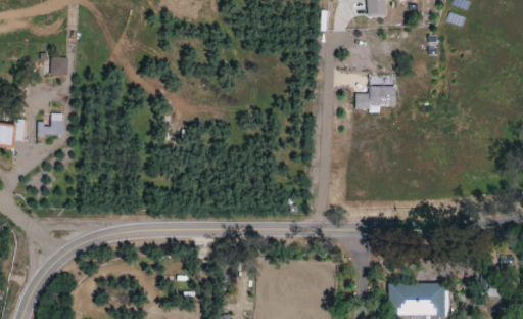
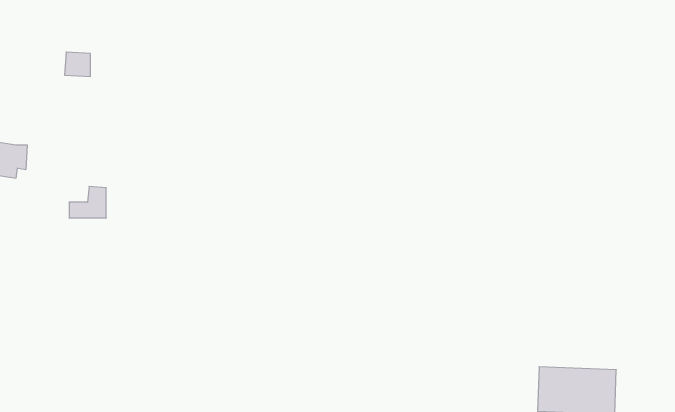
building: [353,85,396,112] -> none
building: [37,112,63,135] -> [69,186,106,218]

